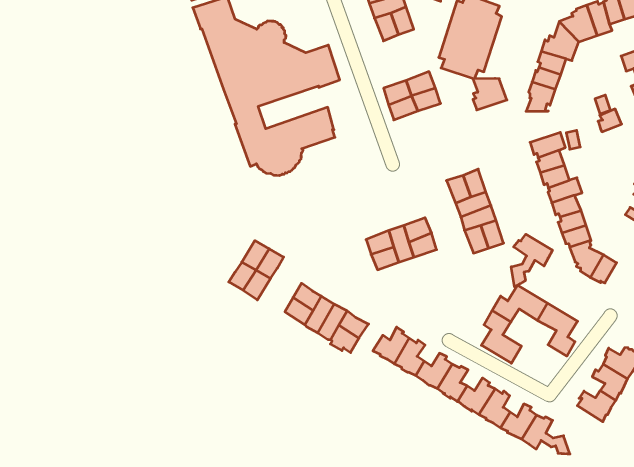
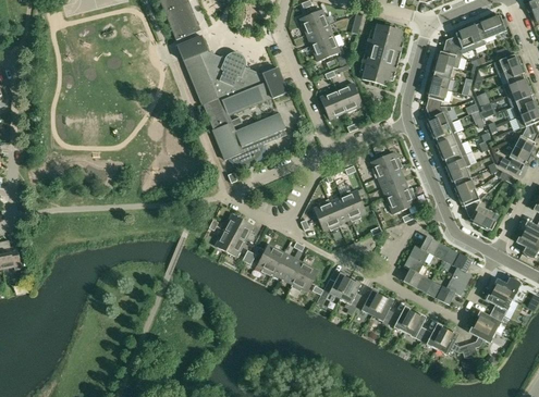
building: [473,78,507,110] -> [426,106,452,129]
building: [511,234,552,287] -> none
building: none -> [426,277,466,305]
building: none -> [467,321,495,357]

